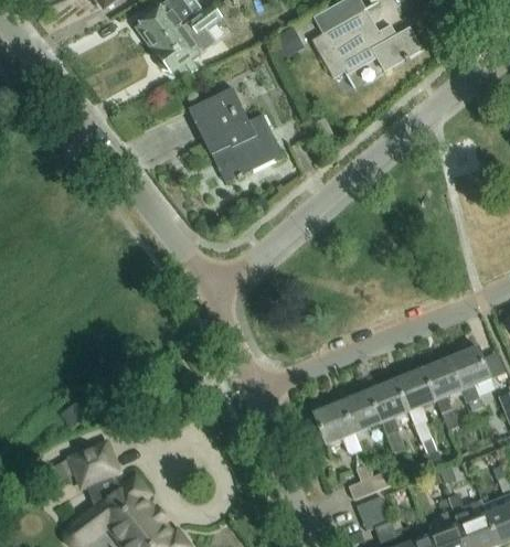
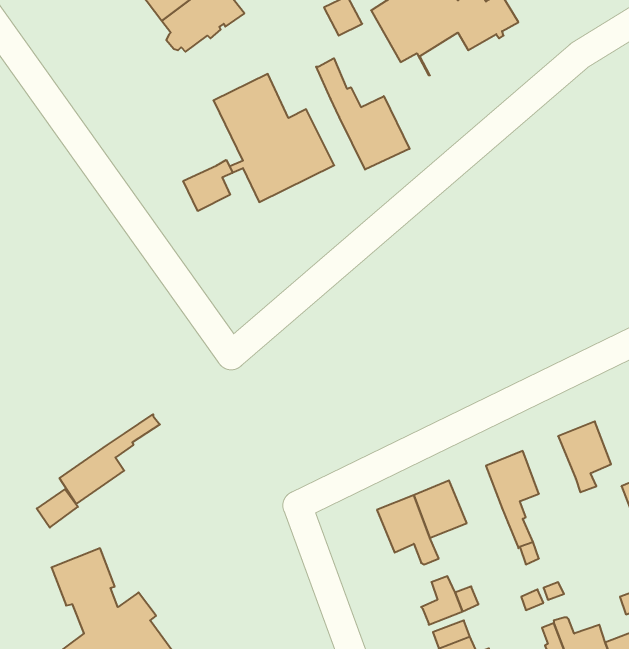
building: none -> [316,58,410,170]
building: none -> [183,160,233,211]
building: none -> [60,414,160,504]
building: [424,357,464,430] -> none
building: [369,379,408,452] -> none

